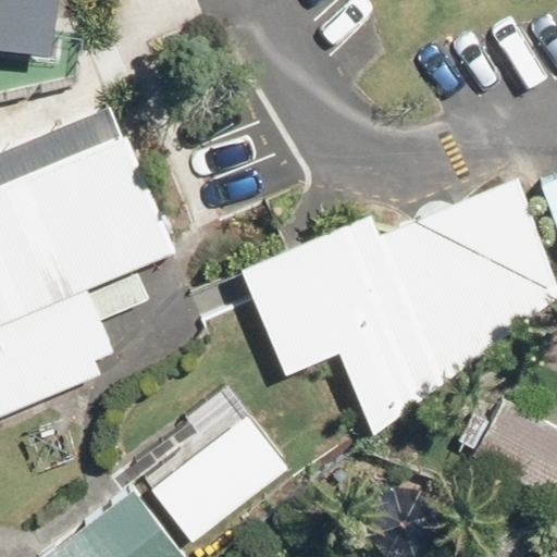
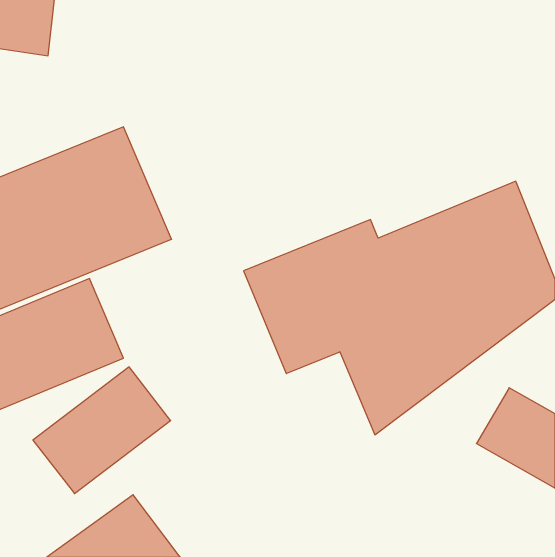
building: [149,417,286,543] -> [33,367,171,494]

